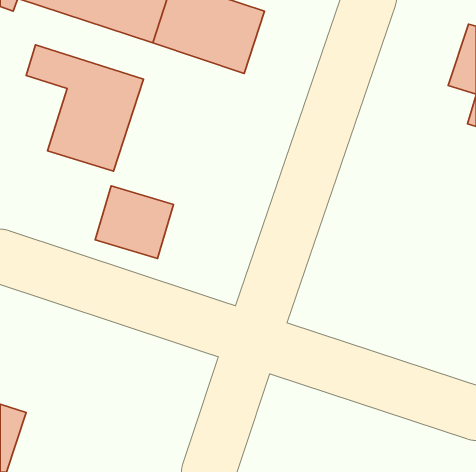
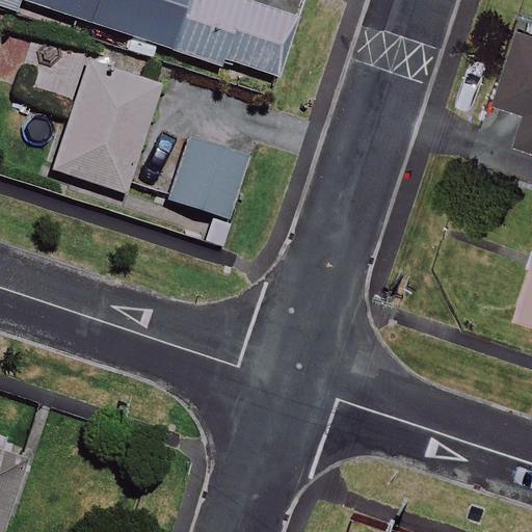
building: [95,186,173,259] -> [159,135,246,216]

